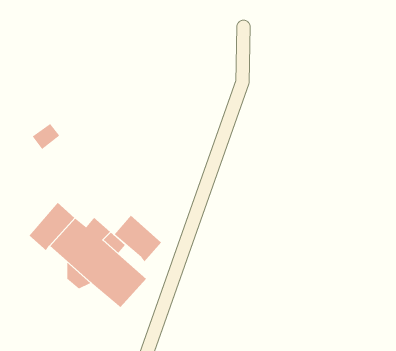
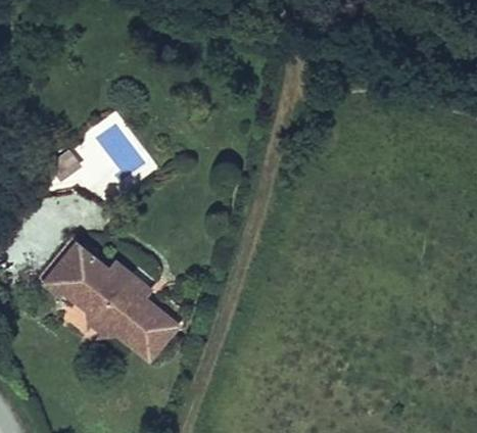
building: [114,215,162,262] -> none

